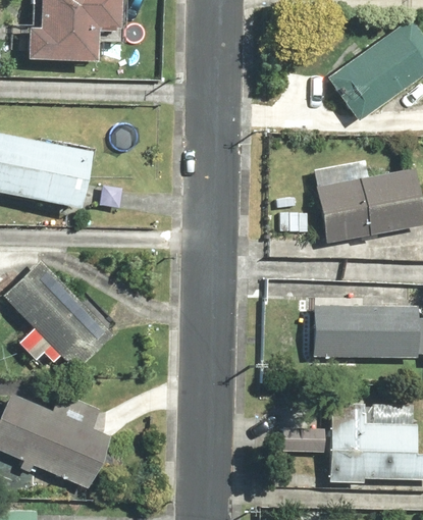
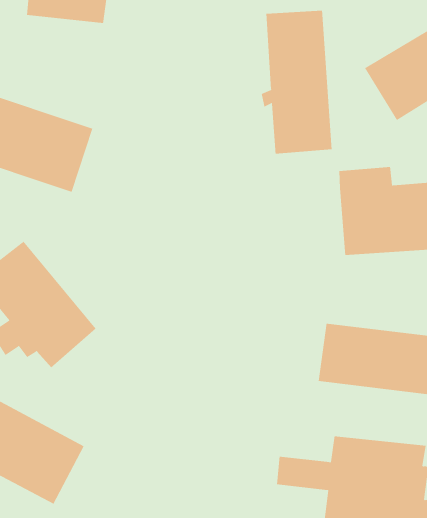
building: none -> [261,10,332,154]

